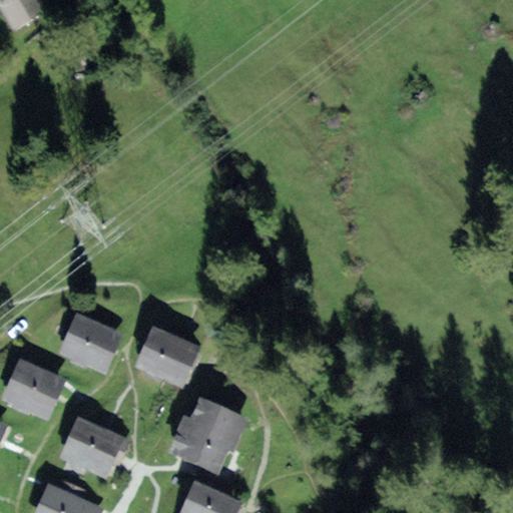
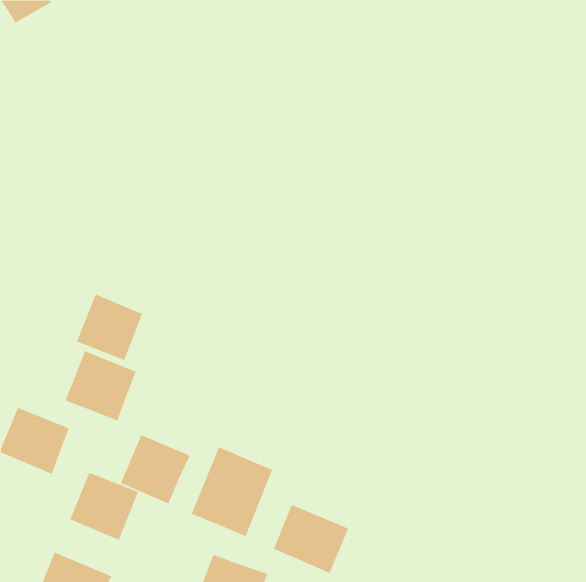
building: none -> [76,294,143,361]
building: [137,326,198,386] -> [120,435,191,504]
building: none -> [273,504,349,574]

